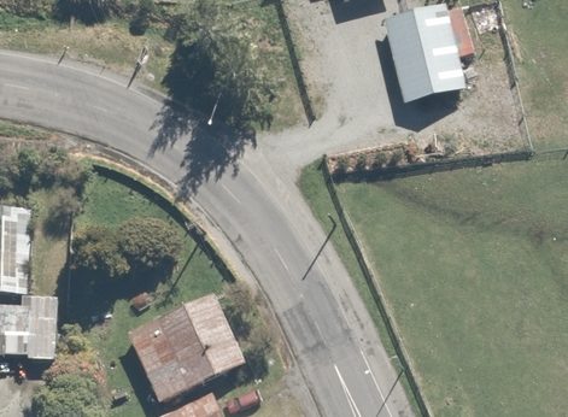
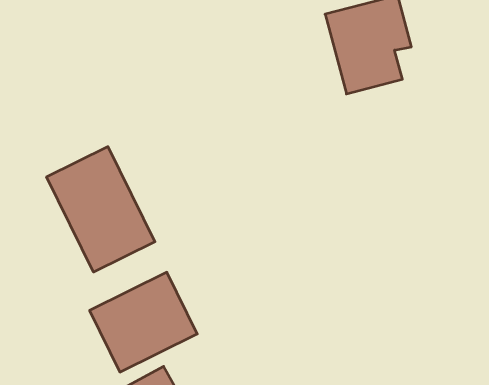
building: none -> [47,147,155,272]

